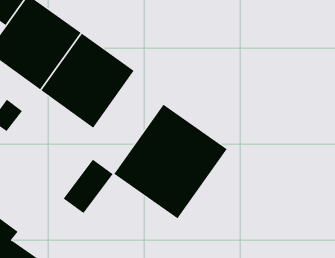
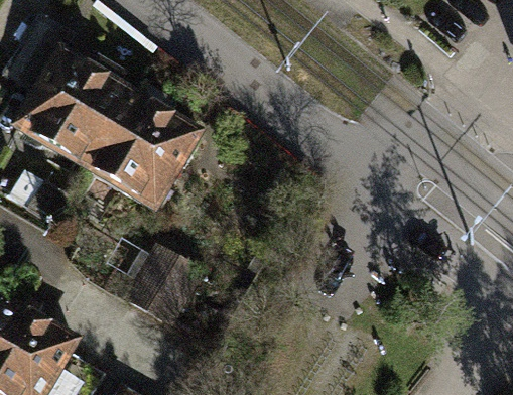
building: [113,104,228,219] -> none

